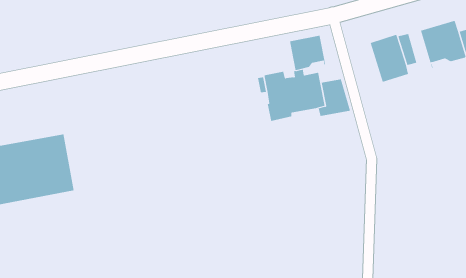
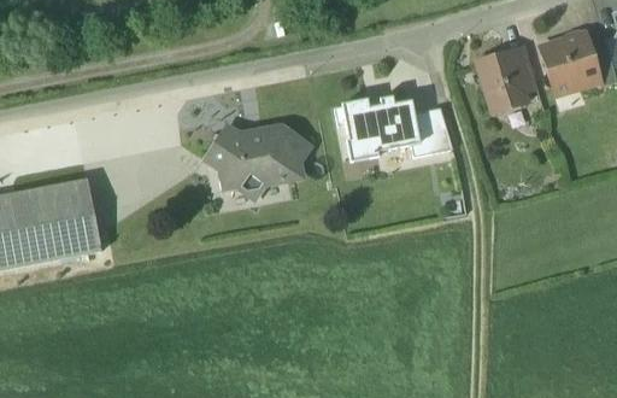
building: [290,35,326,71] -> none
building: none -> [205,125,307,197]

